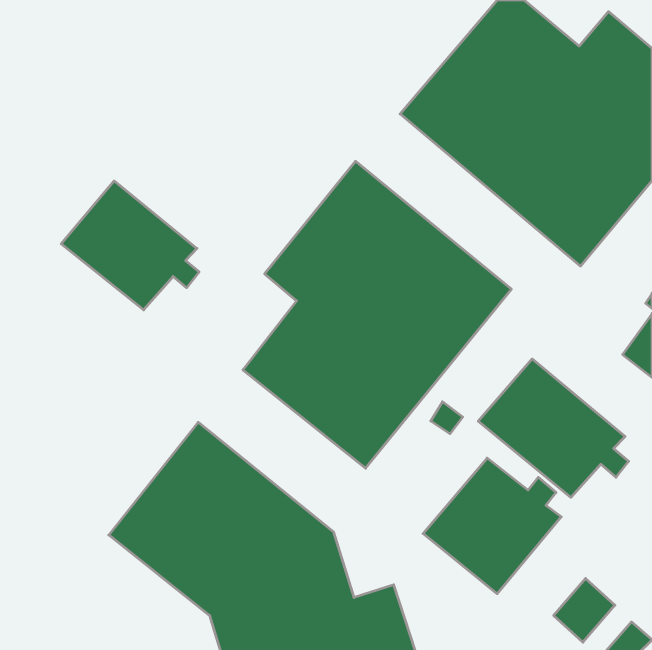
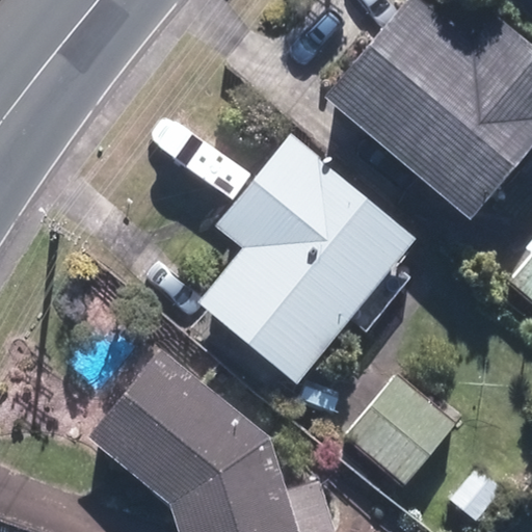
building: [61,181,199,310] -> none
building: [478,359,629,497] -> none

